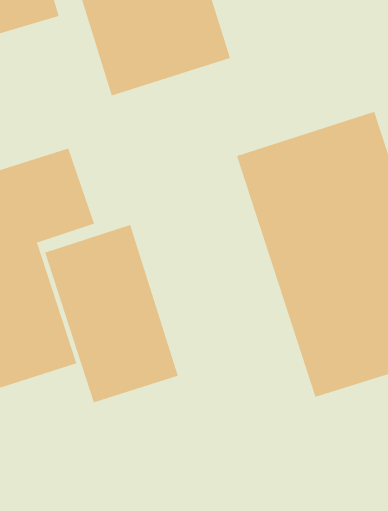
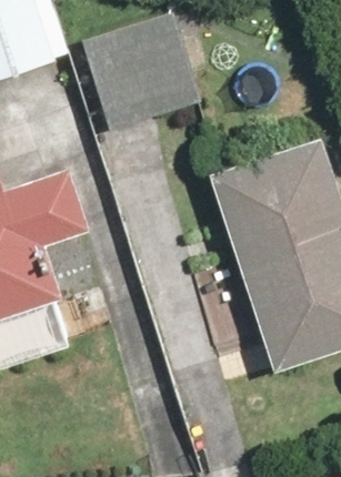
building: [44,224,179,403] -> none

